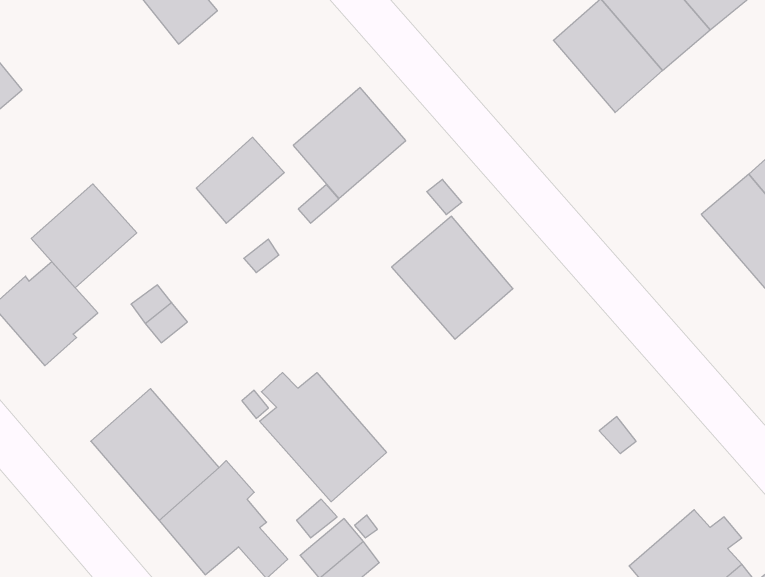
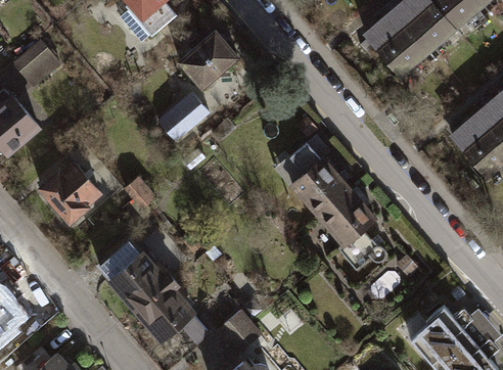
building: [293,88,406,198] -> [173,30,238,94]
building: [31,184,137,288] -> none
building: none -> [310,178,384,263]
building: [260,373,386,502] -> none

